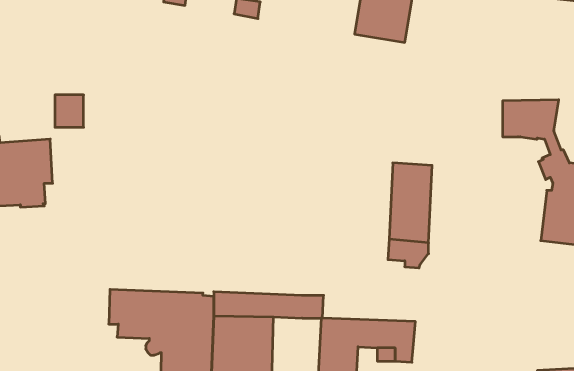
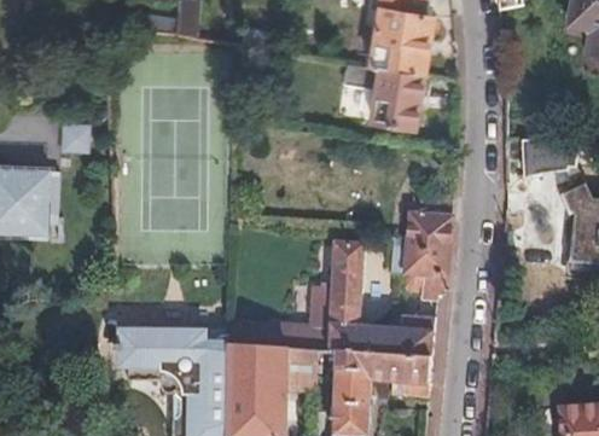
building: none -> [366,65,420,127]
building: none -> [316,248,434,355]

